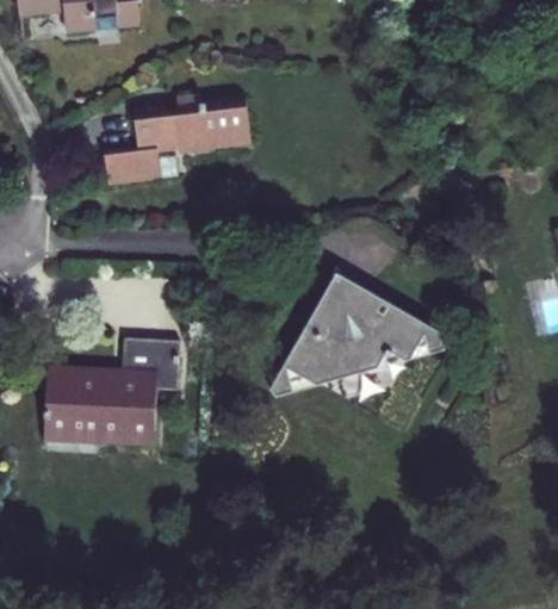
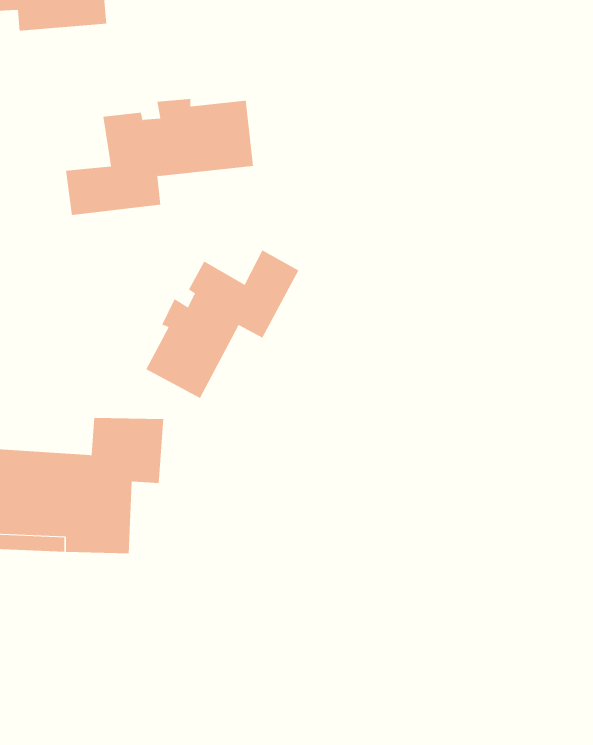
building: none -> [146,250,299,399]
building: [269,273,450,398] -> none

